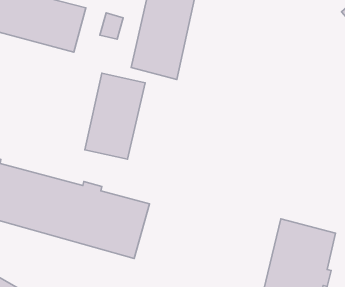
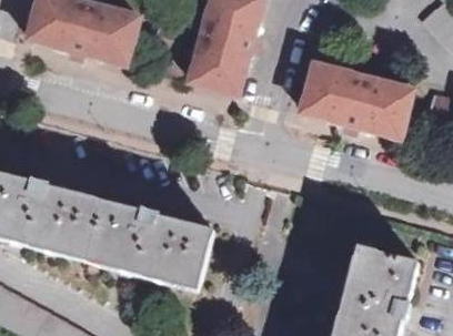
building: none -> [301,62,413,139]
building: [85,73,145,159] -> none

